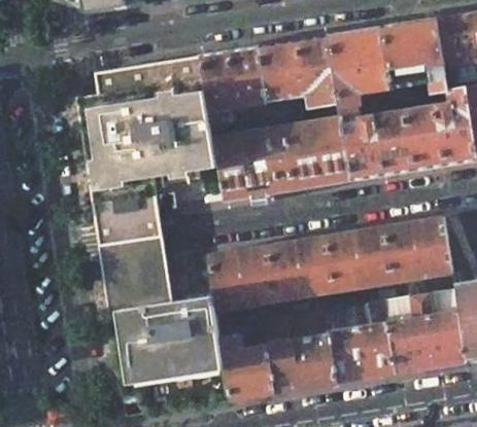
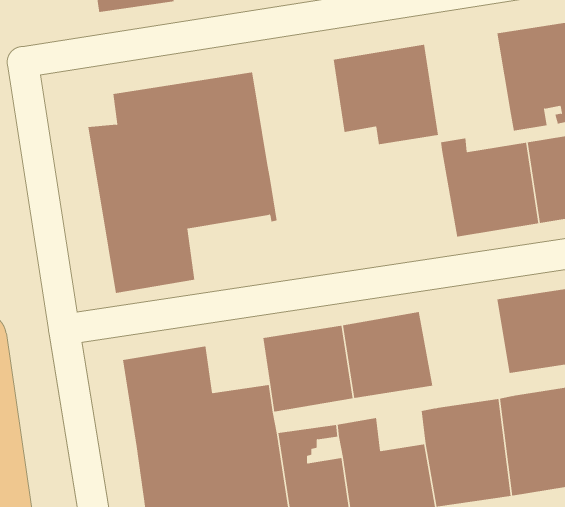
building: [331,28,395,109] -> none
building: [202,47,272,124] -> none
building: [215,116,354,201] -> none
building: [99,212,167,272] -> none
building: [327,226,394,291] -> none

